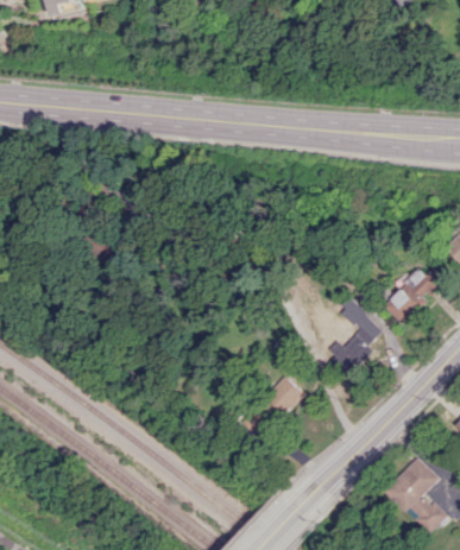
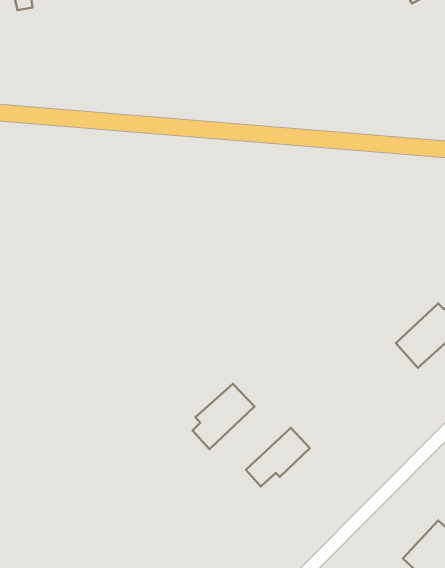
building: [327,297,380,378] -> none
building: none -> [192,384,255,449]

